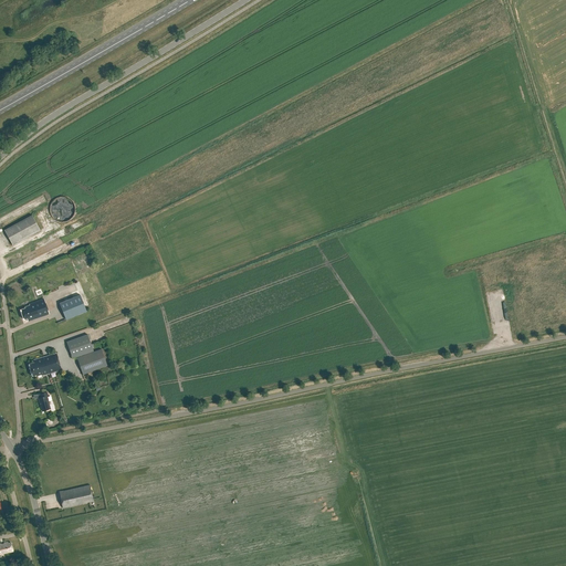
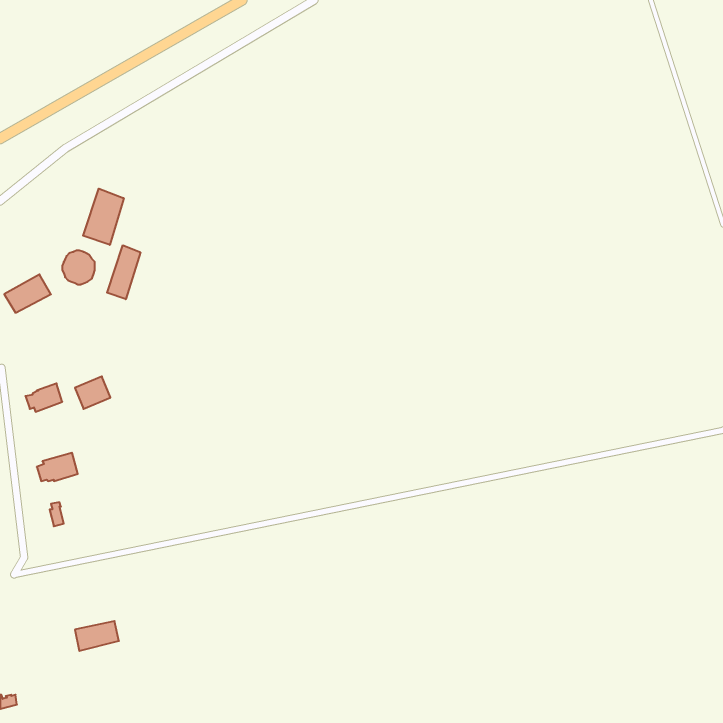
building: none -> [83,189,124,245]
building: none -> [107,245,140,299]
building: [65,334,106,375] -> none

